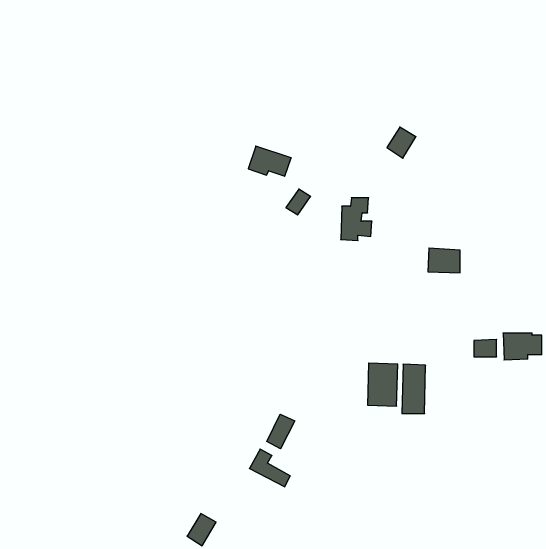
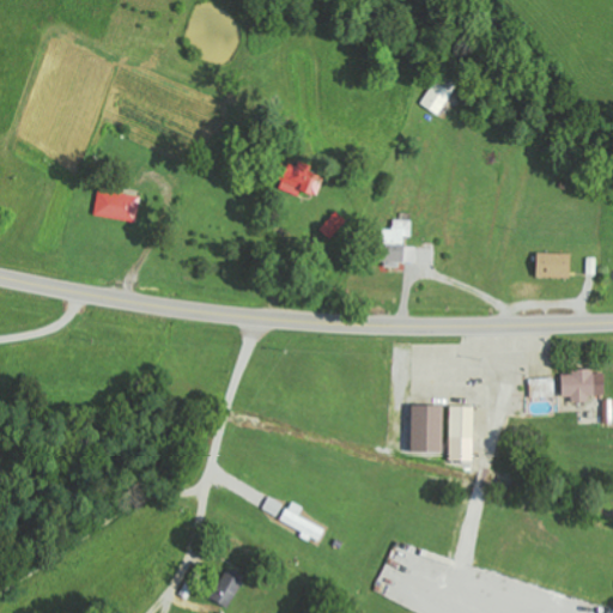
building: [387,127,416,158] -> [419,80,451,115]
building: none -> [92,189,140,223]
building: [428,248,460,273] -> [534,251,570,279]
building: [267,414,295,449] -> none

